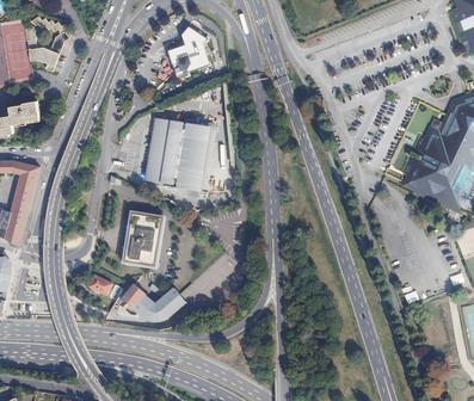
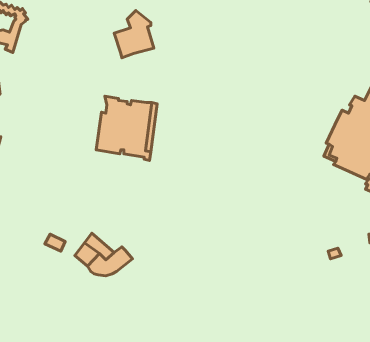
building: [121,216,162,269] -> none

